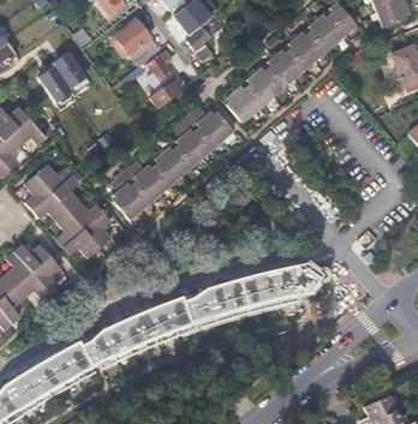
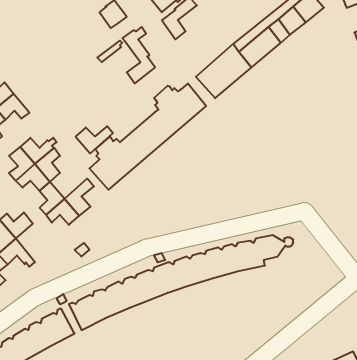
building: [37,49,92,103] -> none
building: [68,199,108,228] -> [76,126,113,153]
building: [32,255,61,295] -> none

